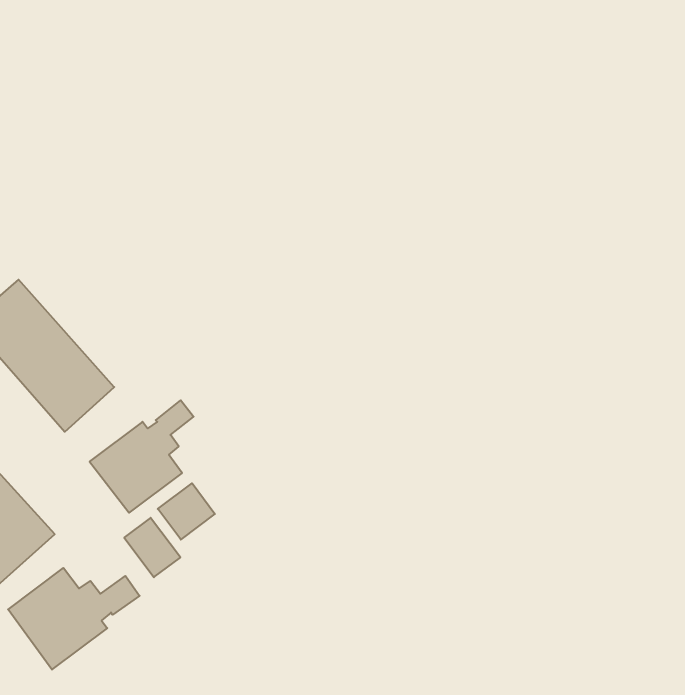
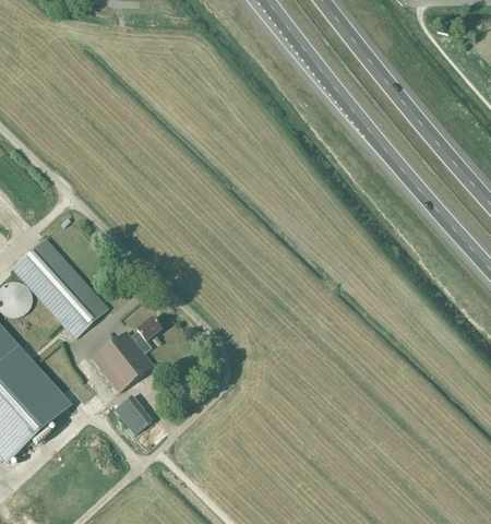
building: [158,483,215,540] -> none
building: [8,568,140,670] -> none

